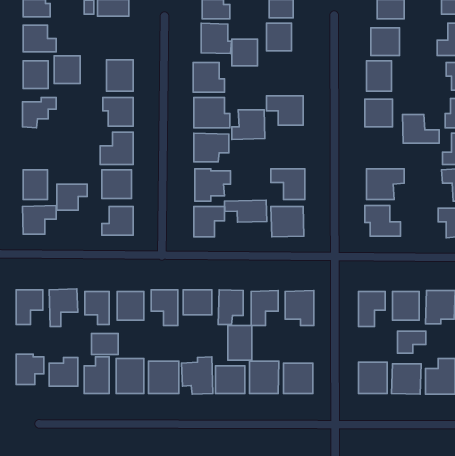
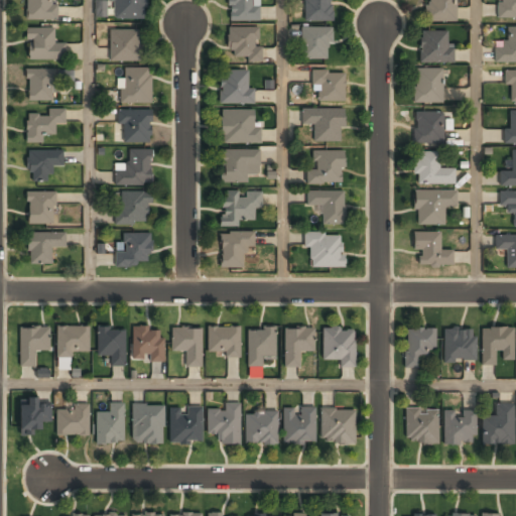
building: [232,39,258,66] -> [315,71,345,101]
building: [54,56,80,84] -> [111,29,140,60]
building: [232,110,265,139] -> [307,150,345,183]
building: [402,115,439,143] -> [414,151,456,183]
building: [57,184,87,210] -> [28,151,62,180]
building: [225,200,267,222] -> none
building: [228,326,252,360] -> none
building: [398,331,426,353] -> none
building: [91,333,118,354] -> none

